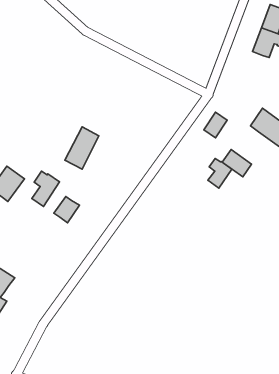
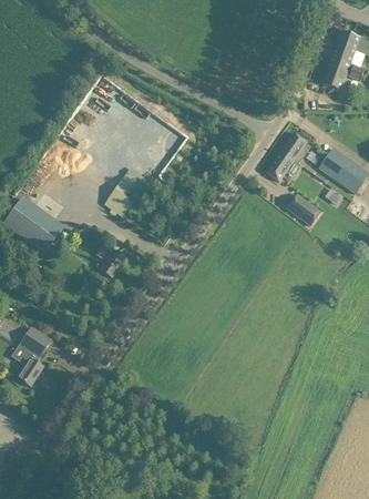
building: none -> [278,132,310,163]
building: [208,158,232,188] -> none
building: [32,171,60,207] -> none

